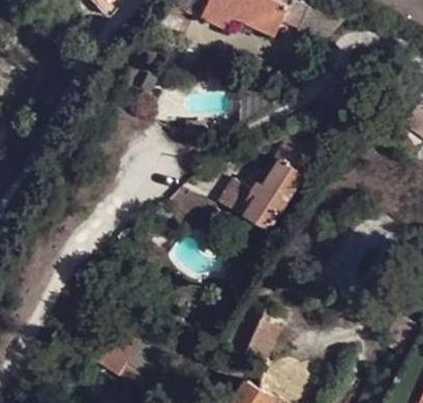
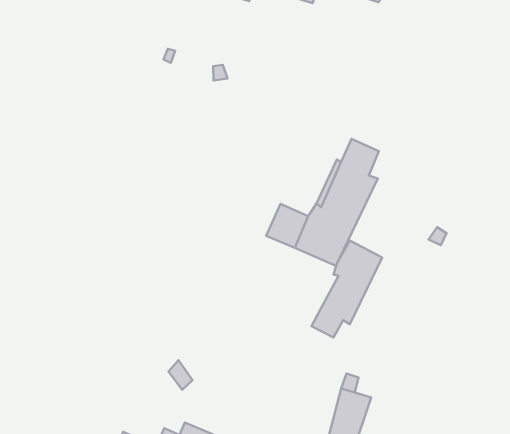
building: none -> [312,240,382,337]

